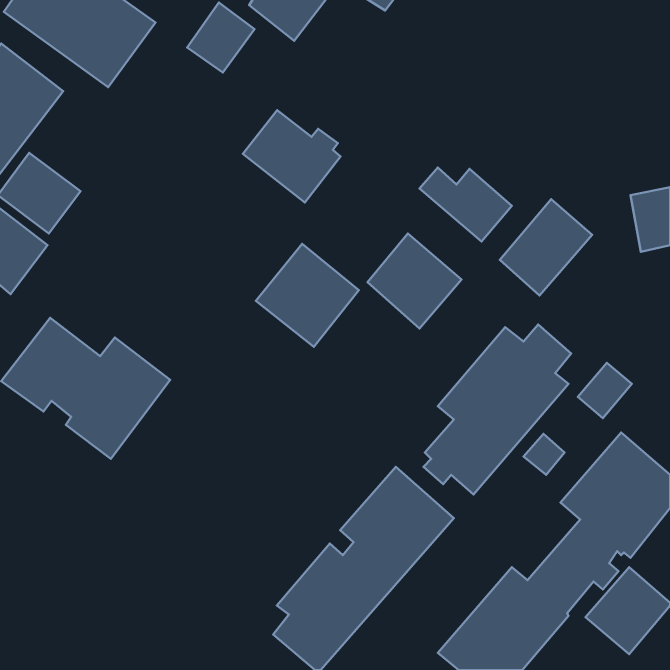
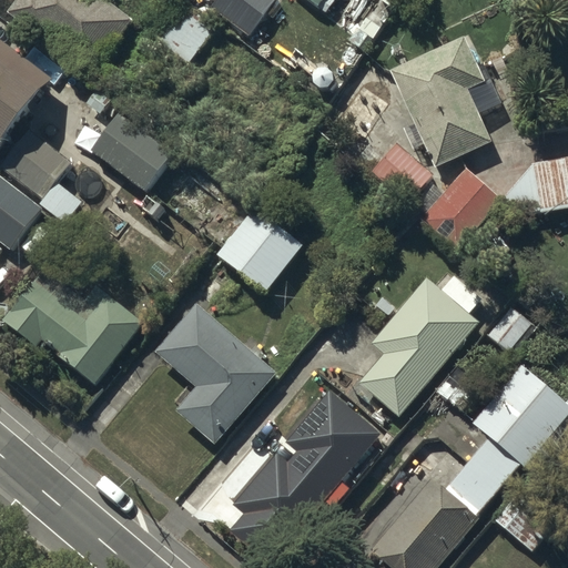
building: none -> [390,37,500,165]
building: [243,110,341,203] -> [90,113,172,191]
building: [367,234,461,328] -> none
building: none -> [153,303,274,443]

